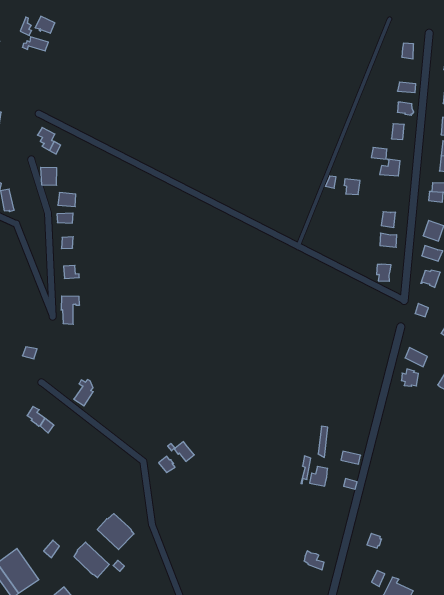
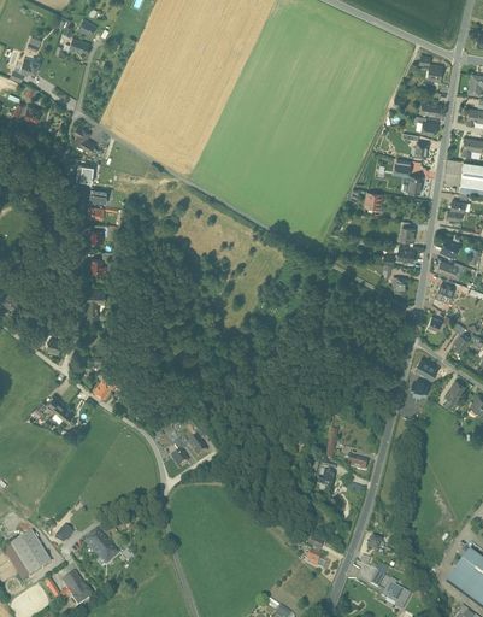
building: [97,514,134,550] -> none

